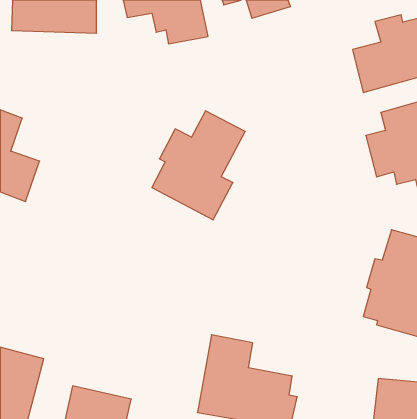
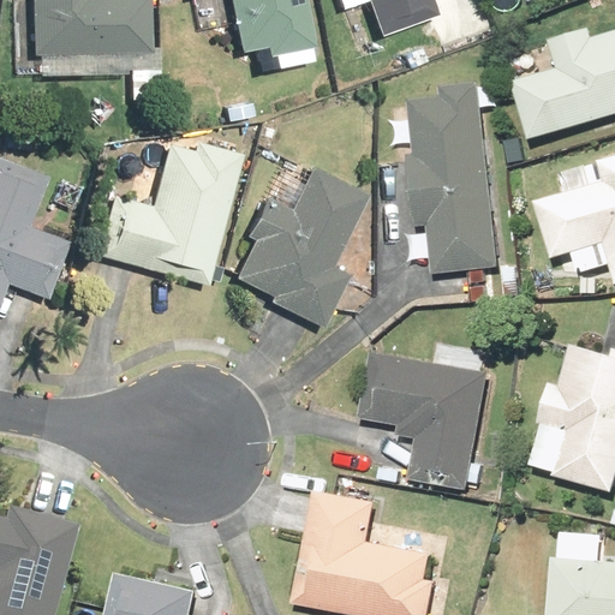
building: none -> [388,84,500,273]
building: none -> [94,123,237,282]
building: none -> [360,353,491,490]

